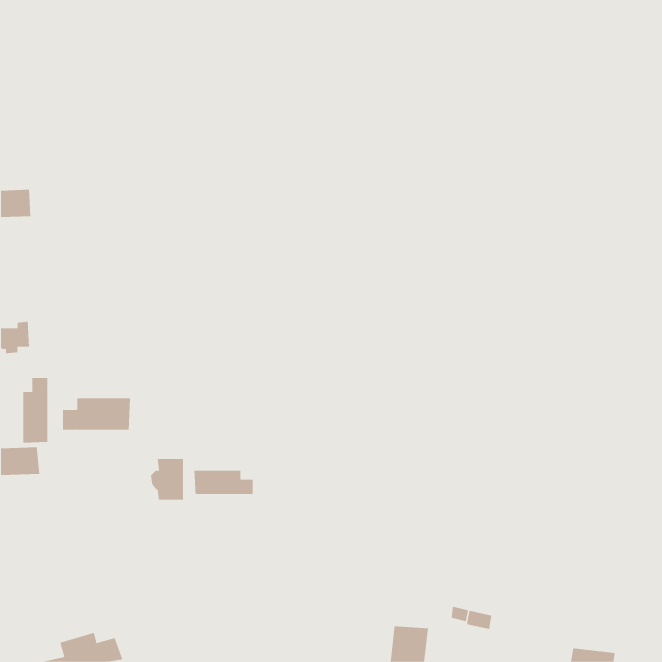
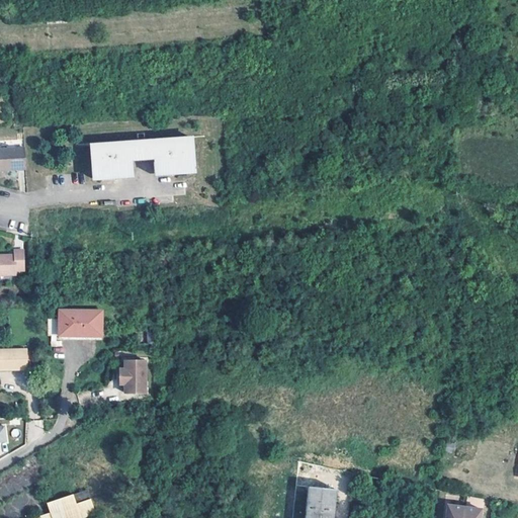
building: none -> [90,138,189,181]
building: [23,377,48,444] -> none
building: [194,470,253,495] -> none

